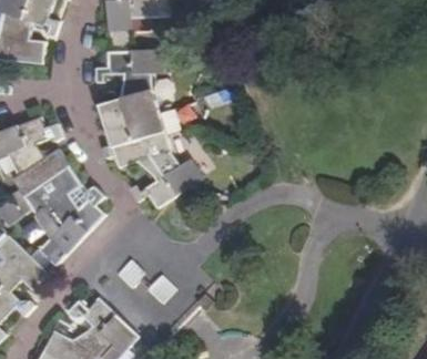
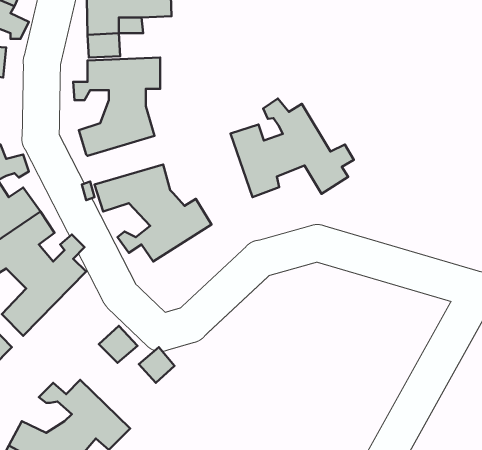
building: none -> [230,98,354,197]
building: [105,110,164,146] -> none

